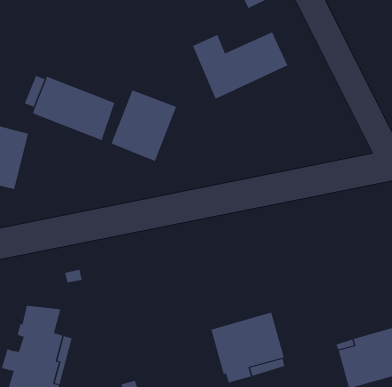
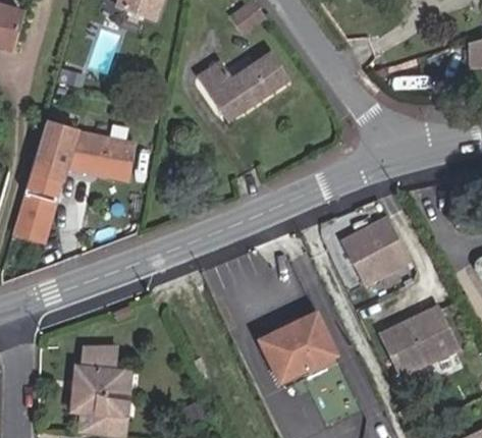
building: [111,90,177,162] -> none
building: none -> [340,218,410,284]

